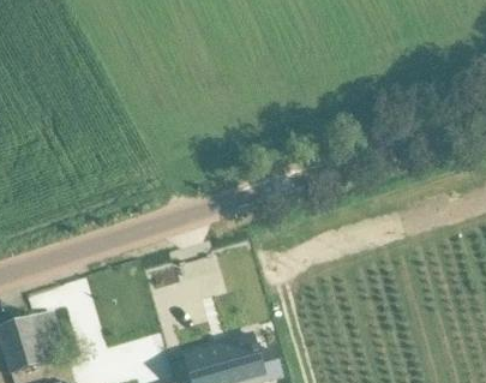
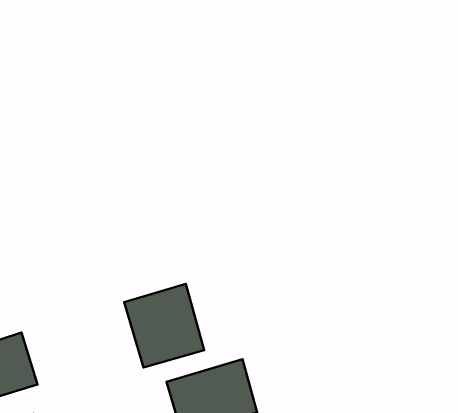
building: none -> [124,284,204,367]

